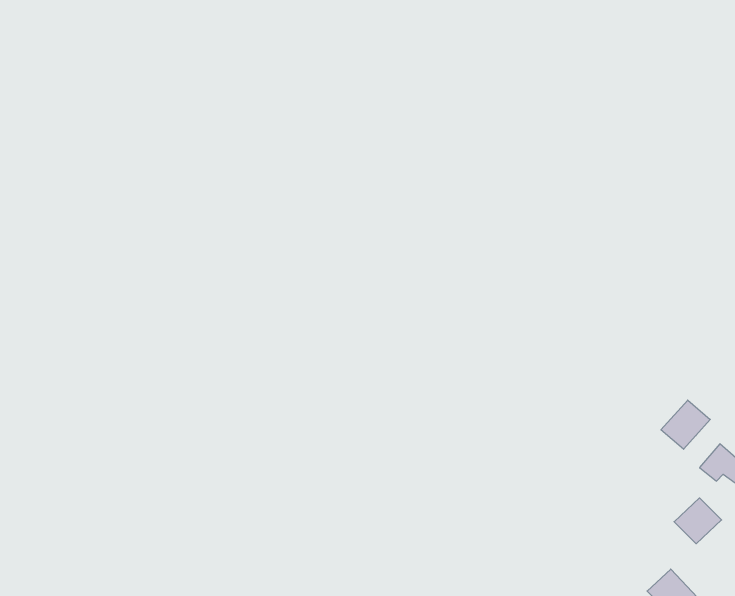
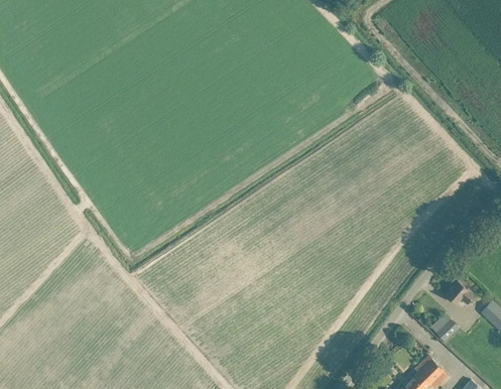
building: [661,400,710,449] -> none

